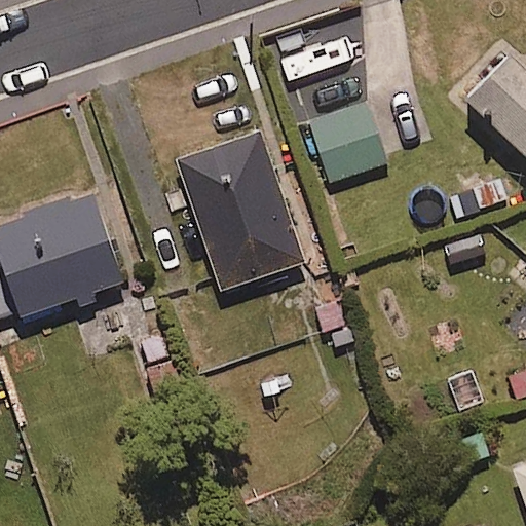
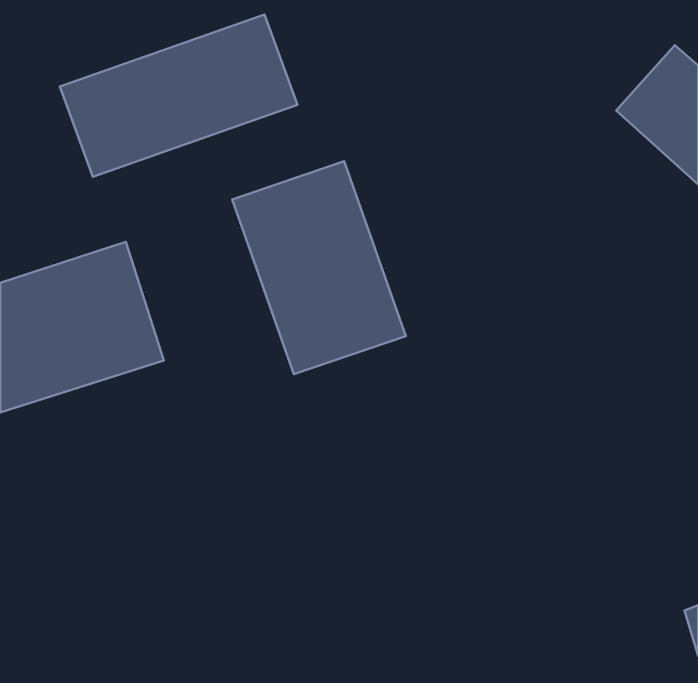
building: none -> [60,15,297,177]
building: [309,107,387,188] -> none

